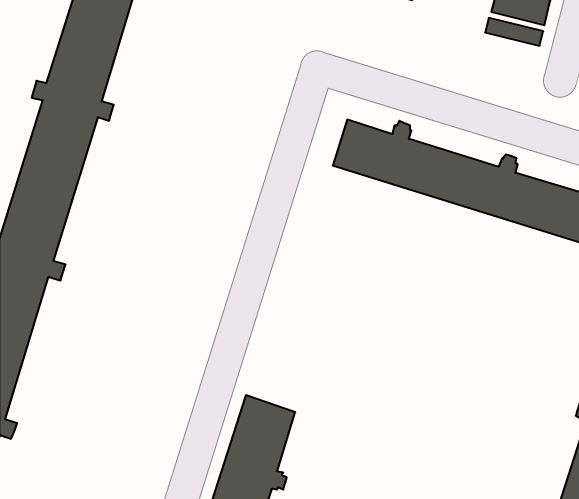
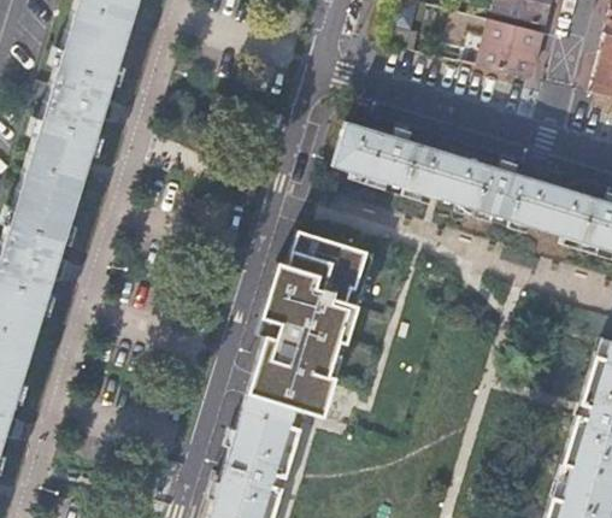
building: none -> [479,34,542,80]
building: none -> [249,231,372,419]

